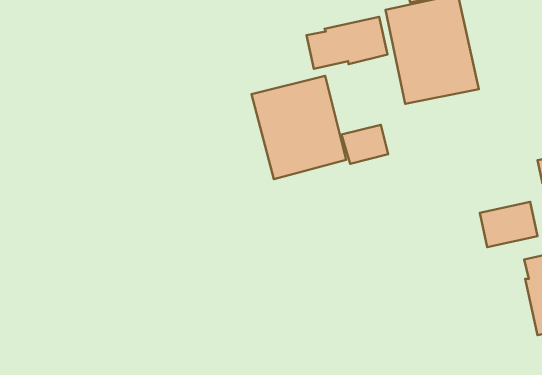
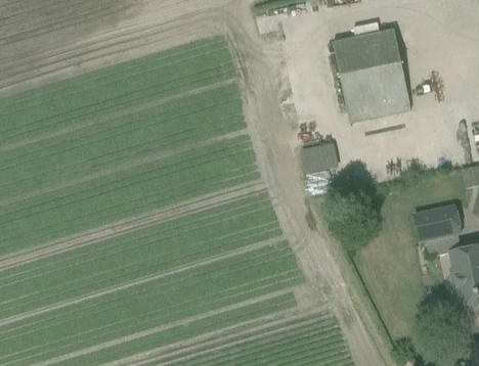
building: [307,17,387,69] -> none
building: [251,76,346,179] -> none

